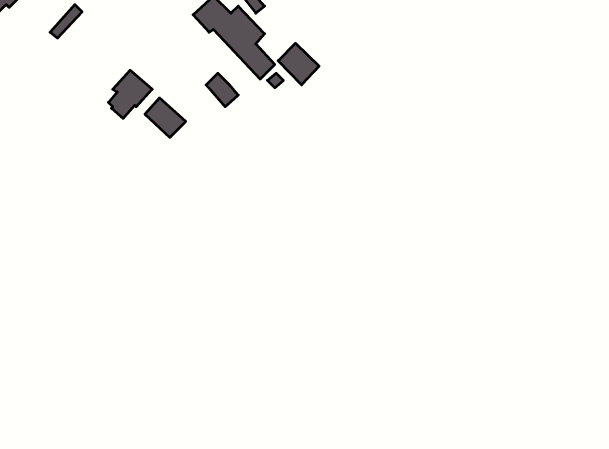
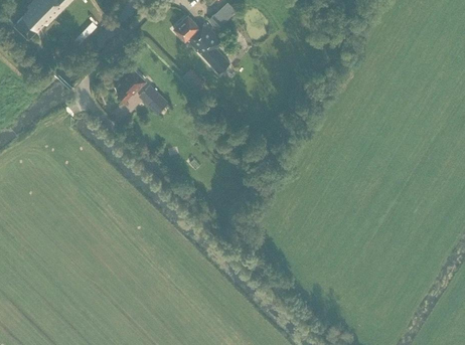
building: [278,43,319,85] -> none

